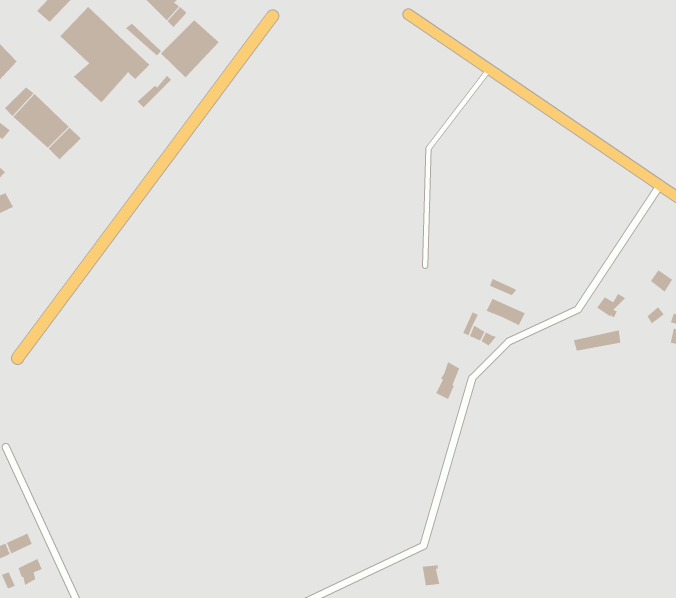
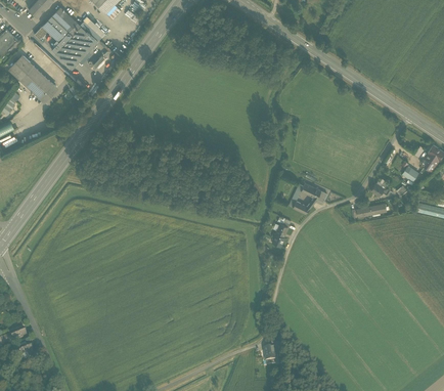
building: [160,19,219,78] -> none

